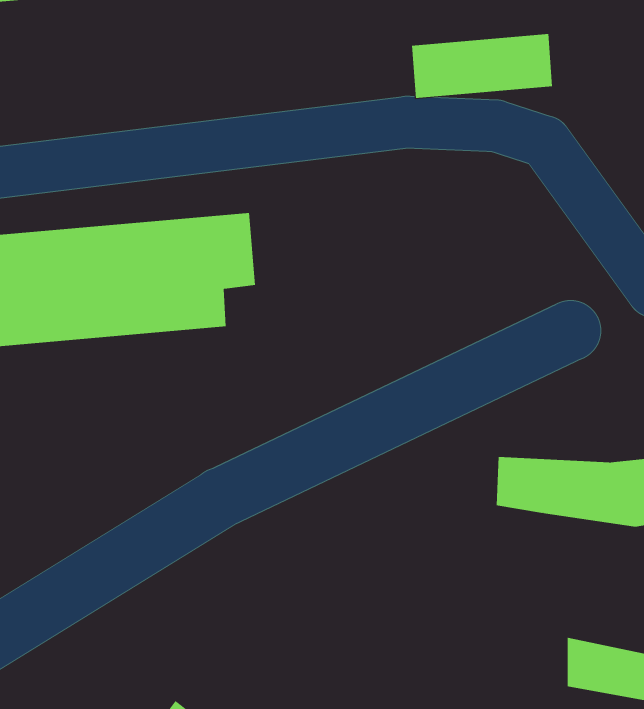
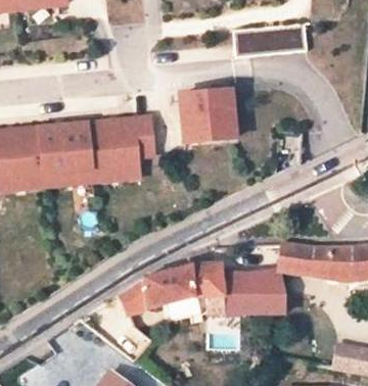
building: none -> [179,91,234,142]
building: none -> [118,263,292,315]

